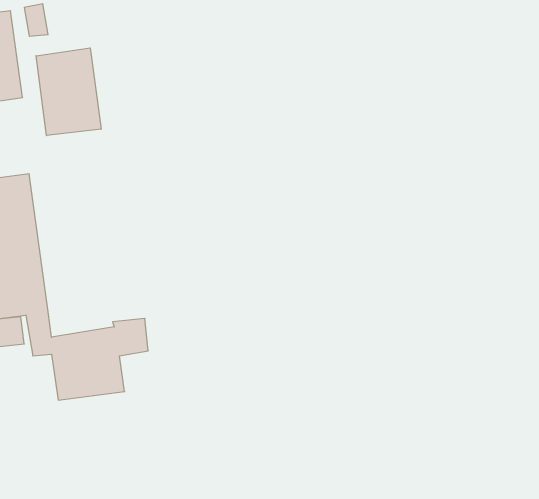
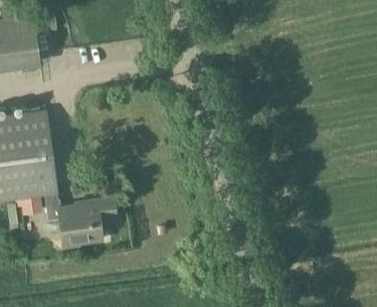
building: [36,48,101,136] -> none

